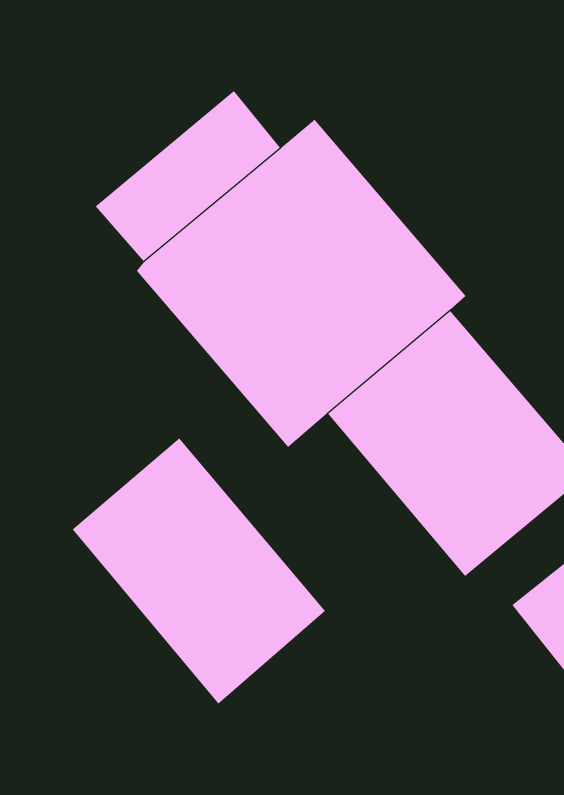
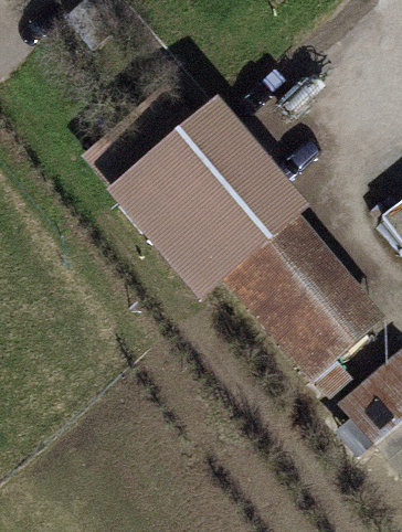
building: [72,438,326,704] -> none

